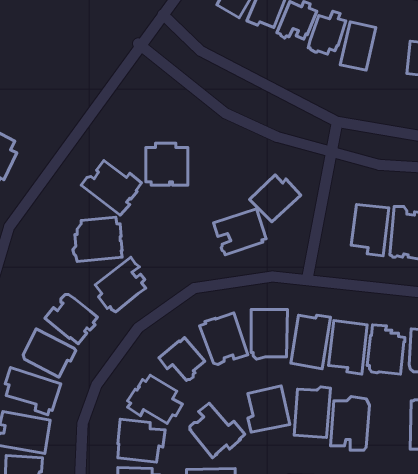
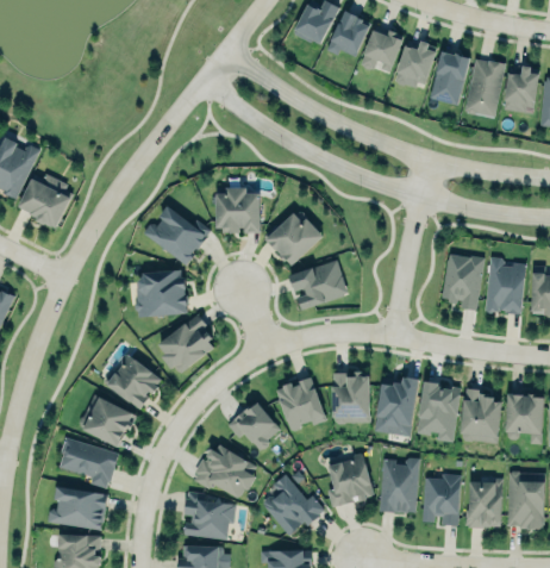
building: none -> [464,60,505,117]
building: [249,175,301,222] -> [265,213,323,266]
building: none -> [465,479,502,528]

